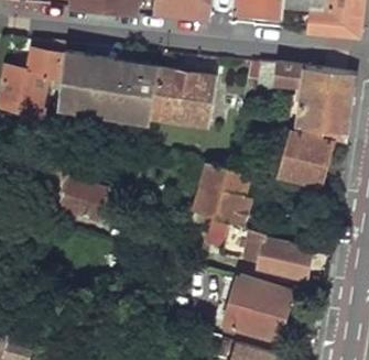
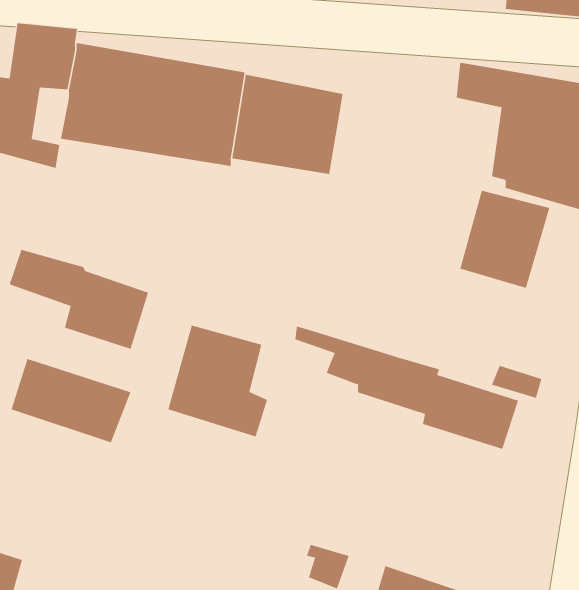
building: [197,164,253,227] -> [168,325,268,437]
building: none -> [11,358,131,443]
building: [226,281,291,341] -> none

